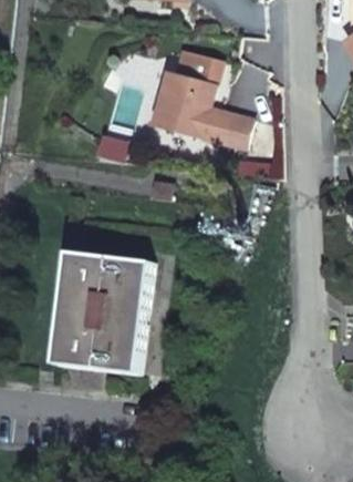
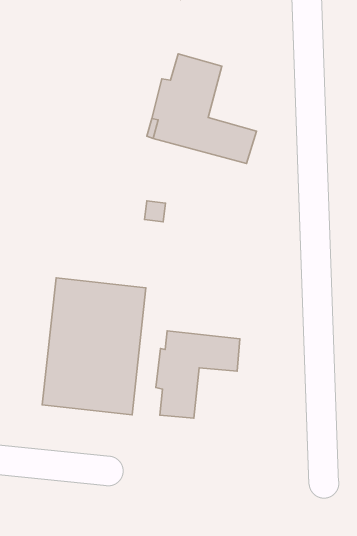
building: none -> [156,331,240,418]

